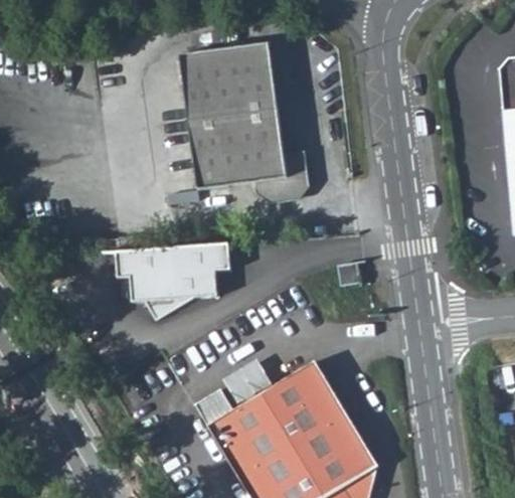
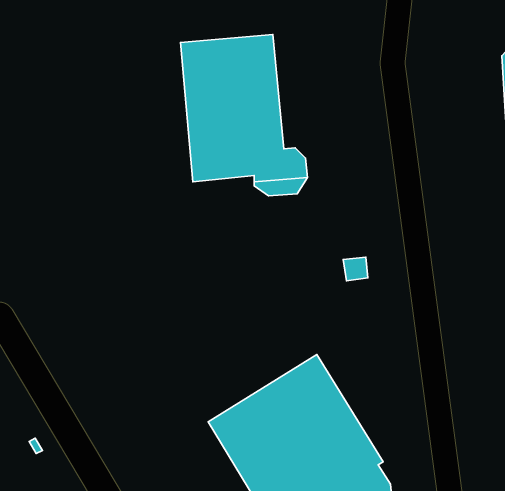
building: [120,241,235,321] -> none

